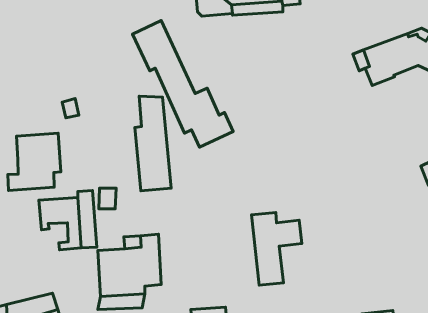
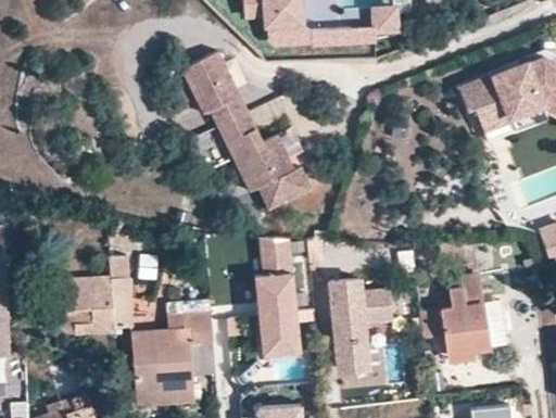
building: [135,96,171,191] -> [252,240,298,358]
building: [8,133,61,190] -> none
building: none -> [420,273,496,362]

